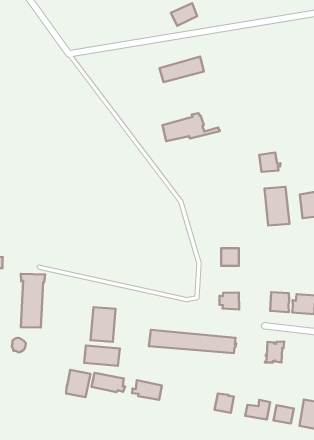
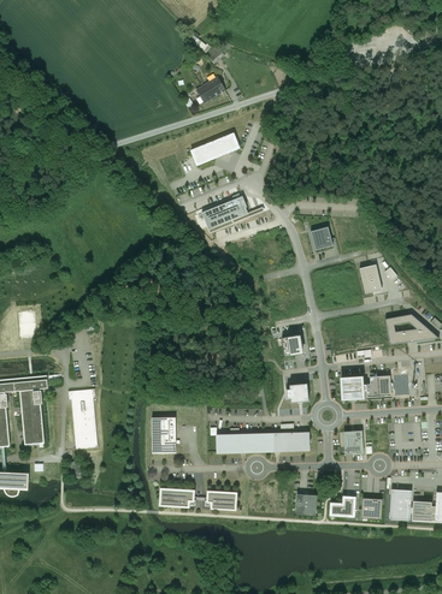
building: [264,187,290,226] -> none
building: [84,346,120,366] -> none
building: [66,370,91,397] -> none

